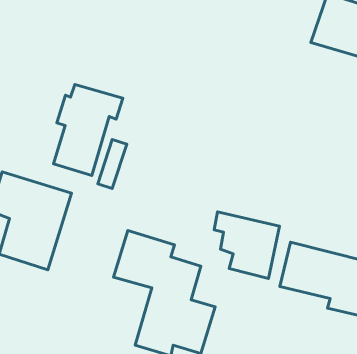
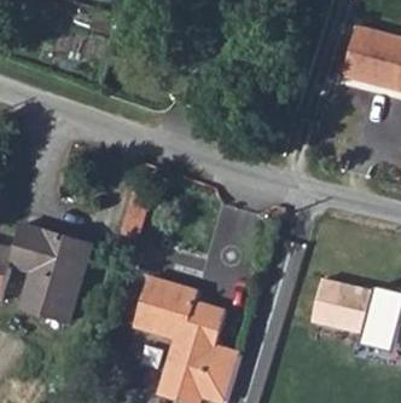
building: [53,84,123,176] -> none
building: [214,212,280,279] -> none

